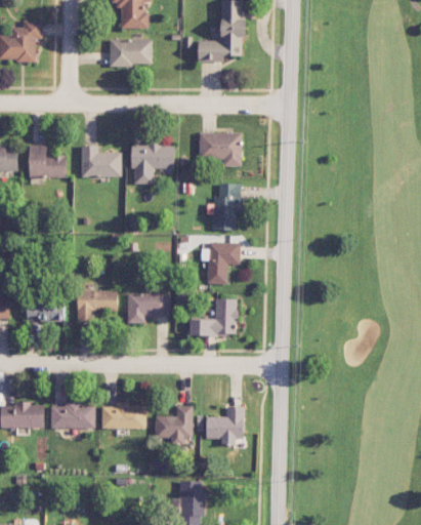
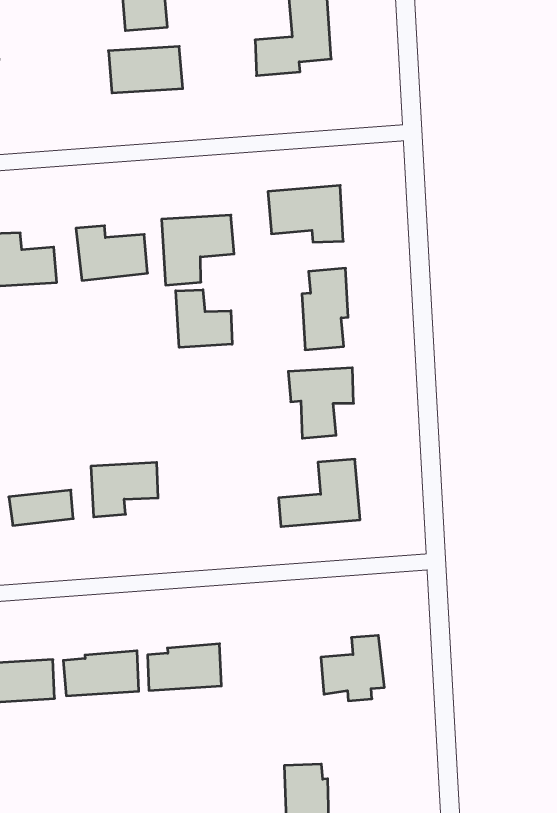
building: none -> [176,290,232,347]
building: [127,294,171,324] -> none
building: [155,406,194,445] -> none

